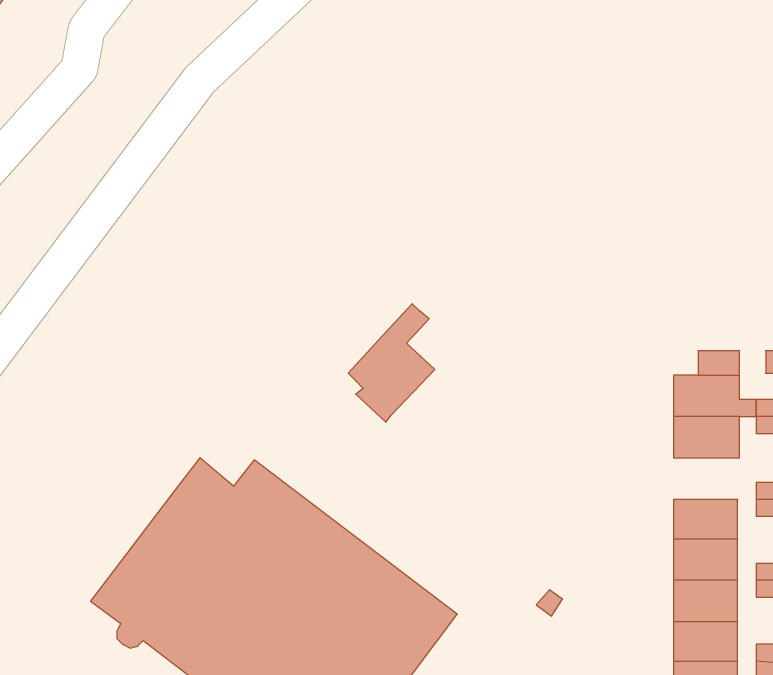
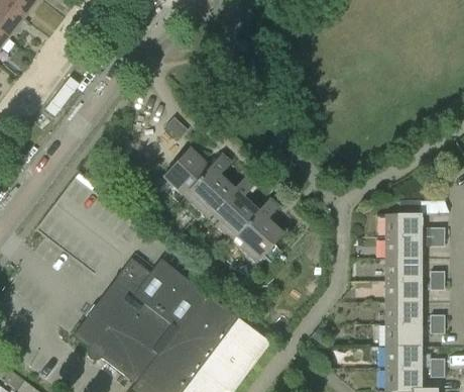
building: none -> [162,146,233,216]
building: none -> [234,197,282,262]
building: none -> [385,258,421,280]

